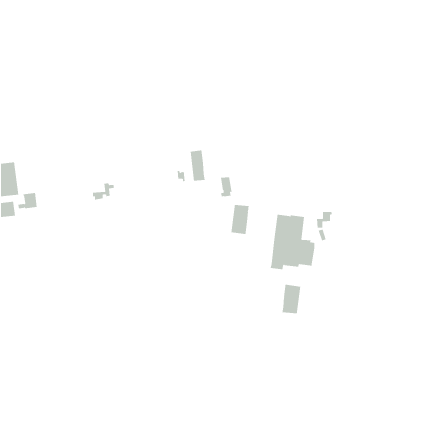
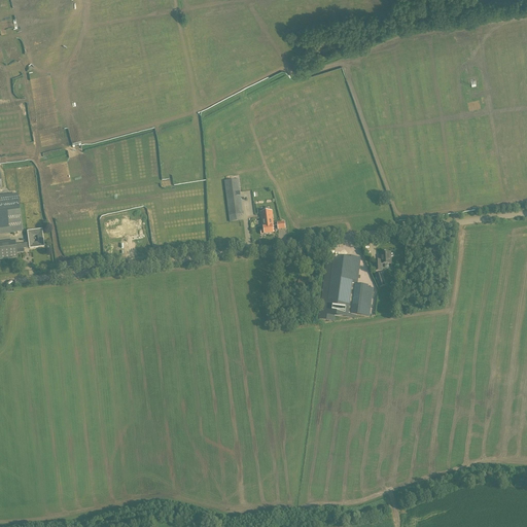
building: [231,204,249,235] -> none
building: [282,284,301,314] -> none

